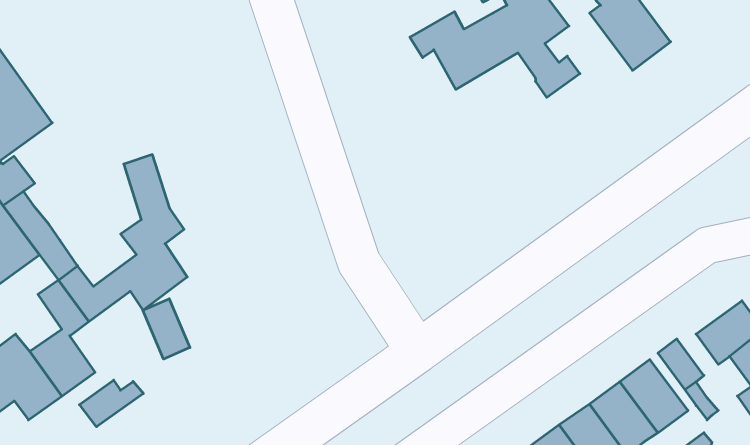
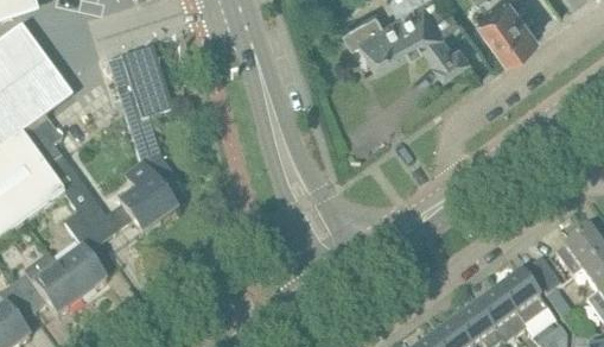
building: none -> [107,48,172,126]
building: [143,299,190,359] -> none
building: [79,380,143,427] -> none

